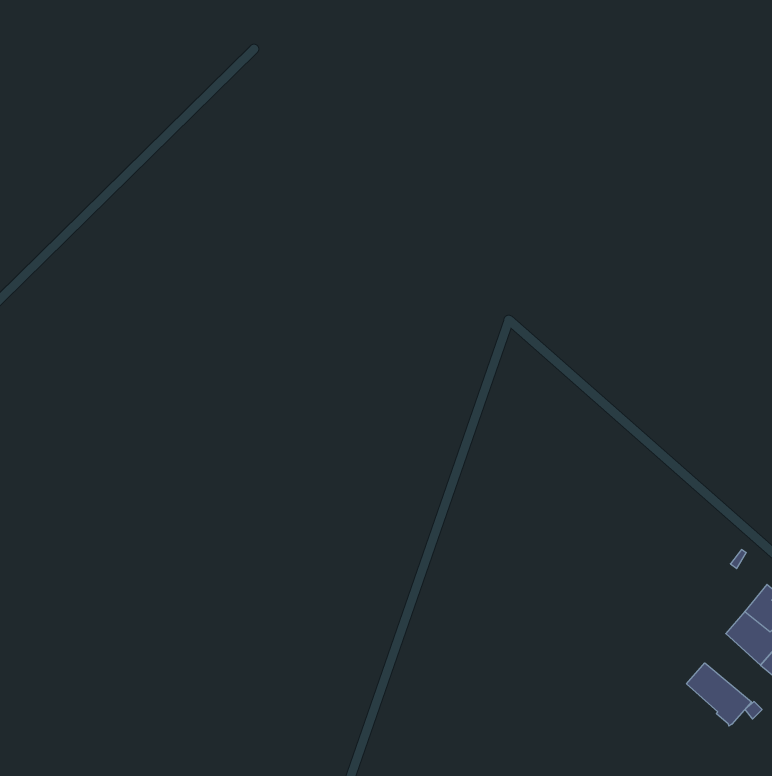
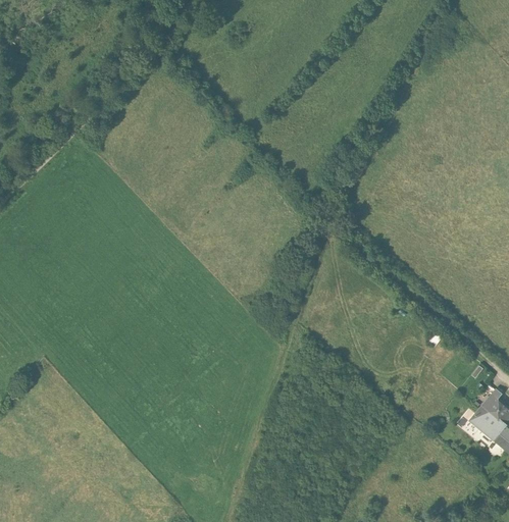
building: [687,663,751,726] -> none

